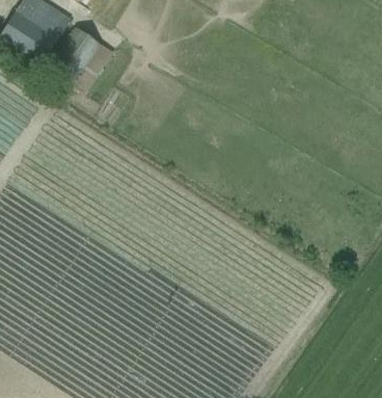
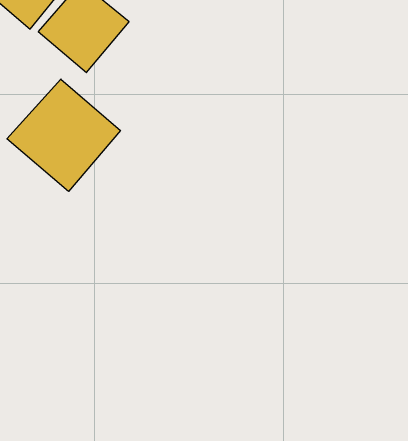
building: none -> [7,79,120,191]

